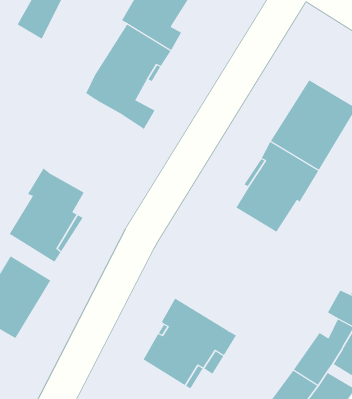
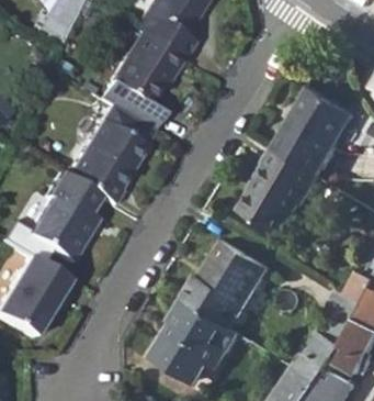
building: none -> [60,108,146,205]
building: none -> [180,241,269,330]

